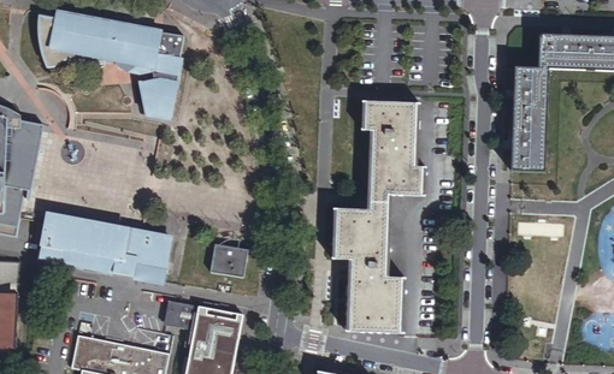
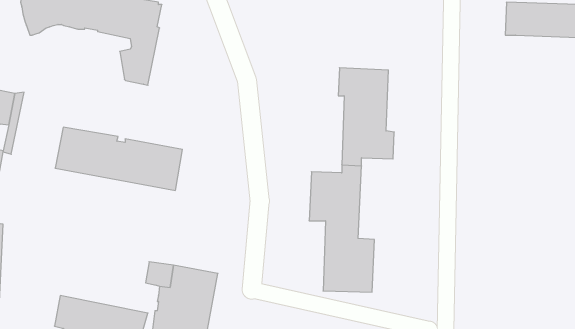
building: [510,66,548,171] -> none
building: [39,216,170,281] -> [55,127,182,190]
building: [209,243,249,277] -> none

